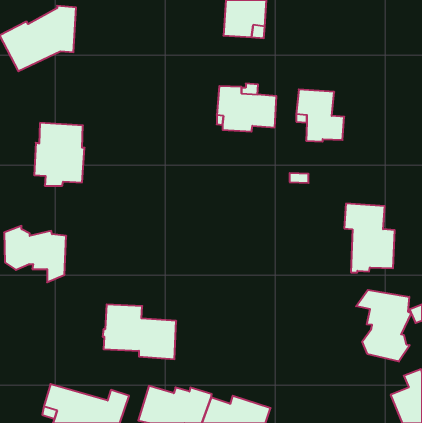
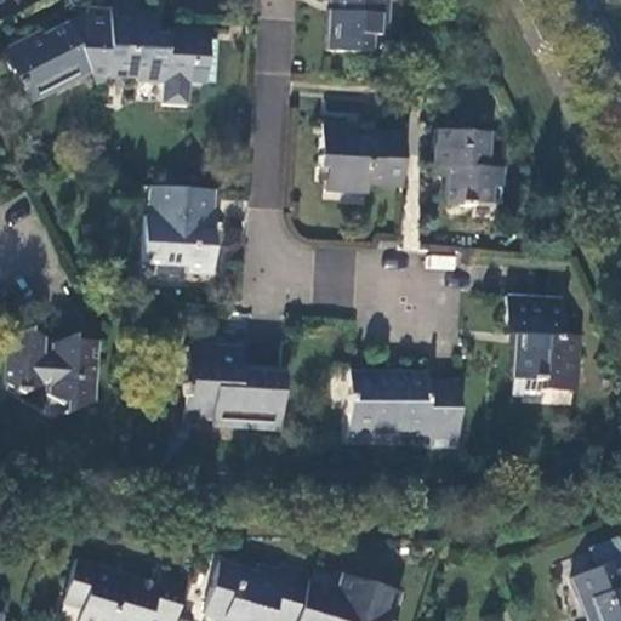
building: none -> [108,11,224,109]
building: [34,123,85,186] -> [143,189,217,281]
building: none -> [349,371,461,446]
building: [356,290,411,362] -> none
building: [103,304,176,359] -> [176,351,284,431]

